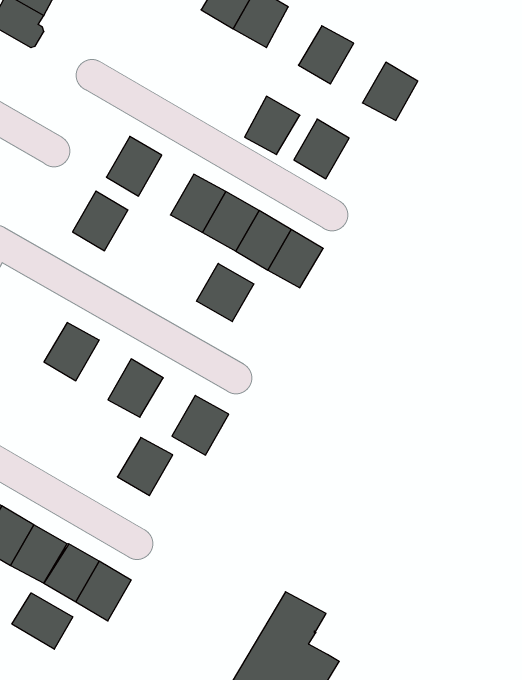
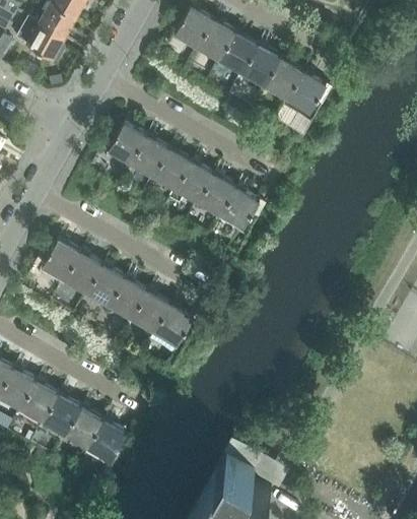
building: [245,96,300,155] -> [219,33,258,73]
building: [294,119,349,179] -> [264,58,302,100]
building: [73,191,128,251] -> [130,136,168,178]
building: [197,263,254,322] -> none
building: none -> [41,240,80,280]
building: none -> [86,265,125,307]
building: [117,437,173,496] -> [131,291,169,332]
building: [12,593,73,649] -> none

